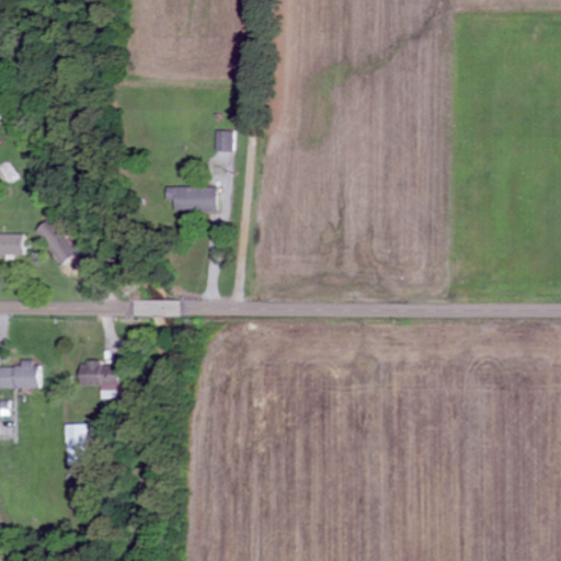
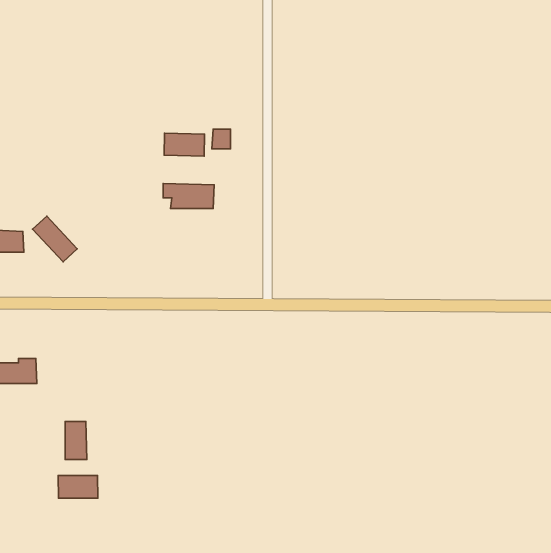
building: none -> [164,133,205,156]
building: [78,362,118,398] -> none
building: none -> [58,475,98,498]

